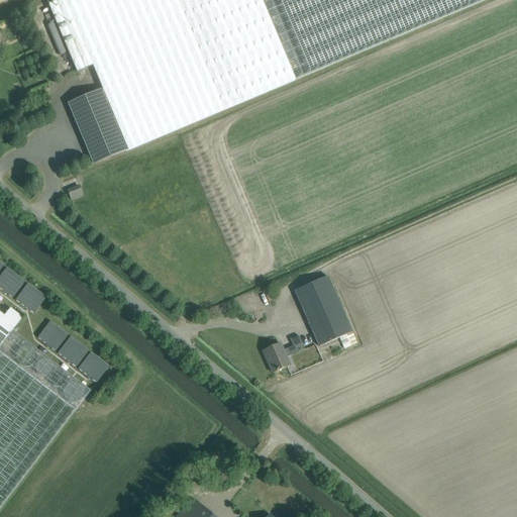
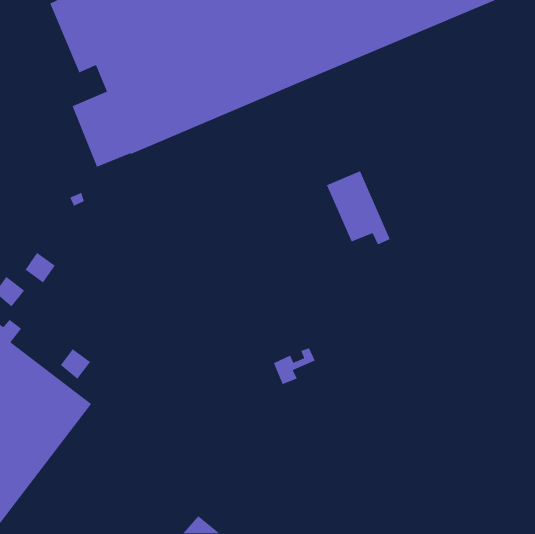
building: [294,275,356,347] -> [326,170,391,246]
building: [15,282,45,312] -> [24,252,56,283]
building: [36,319,68,349] -> none
building: [78,350,108,381] -> none

